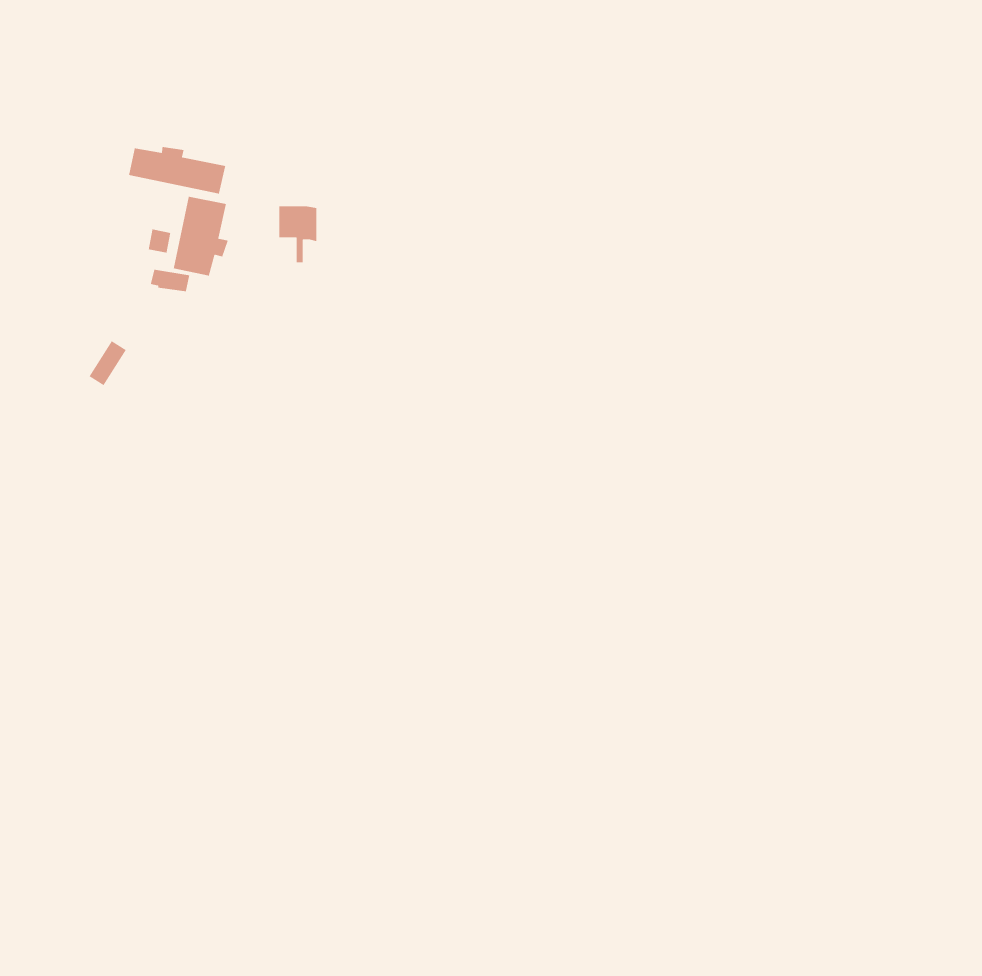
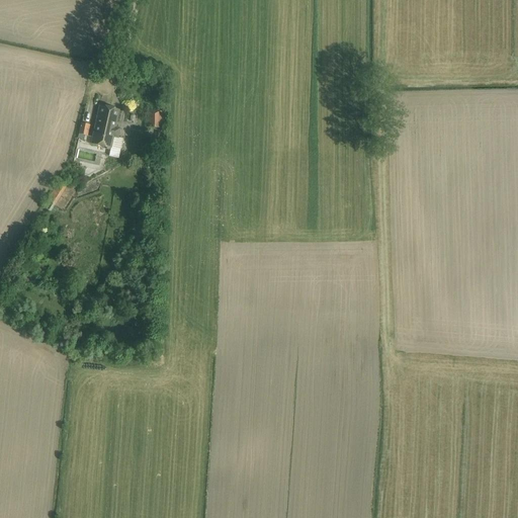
building: [128,146,226,195] -> none

